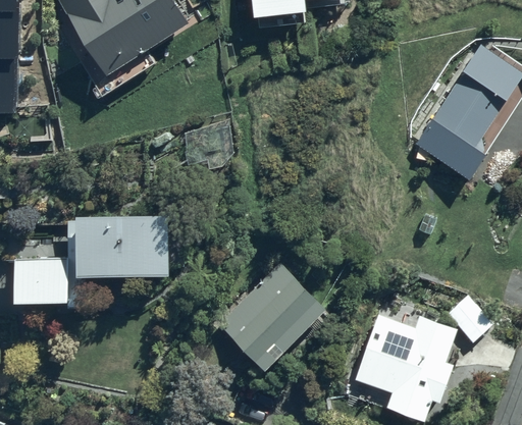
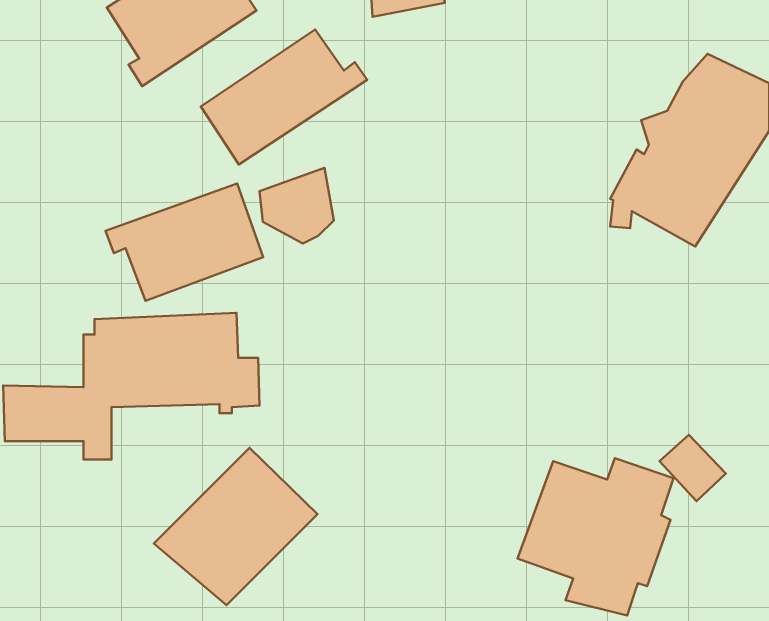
building: none -> [201,29,367,165]
building: none -> [105,184,263,301]
building: [218,261,326,365] -> [154,448,318,605]

